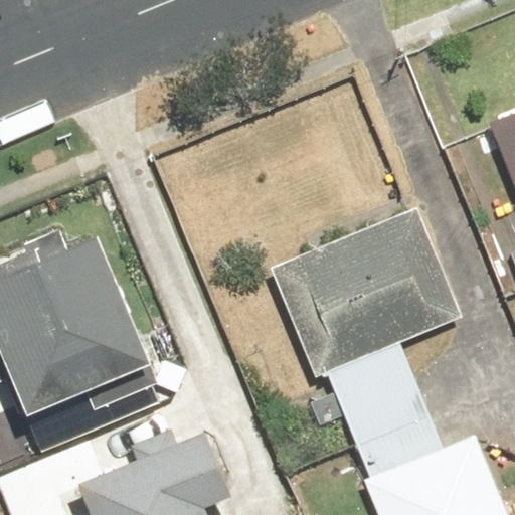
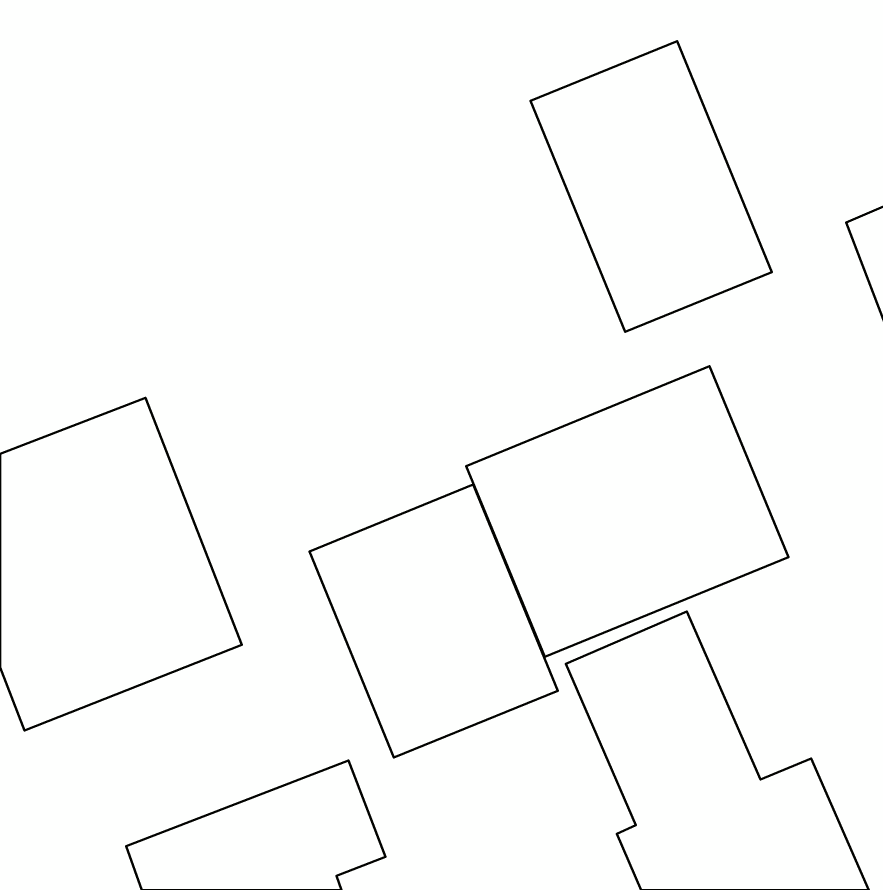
building: none -> [530,41,772,332]
building: none -> [309,485,558,757]

